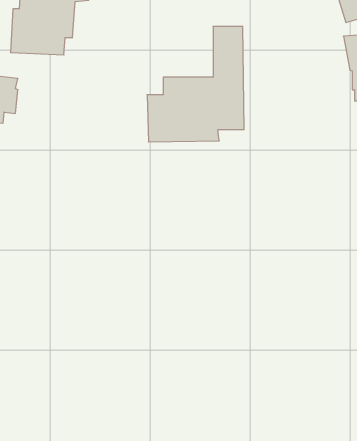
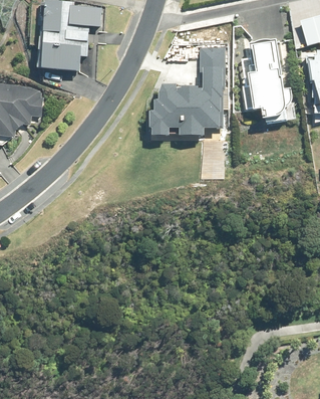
building: none -> [241,36,292,118]

